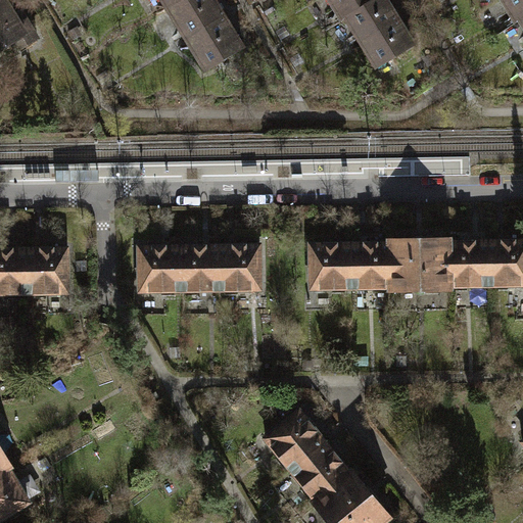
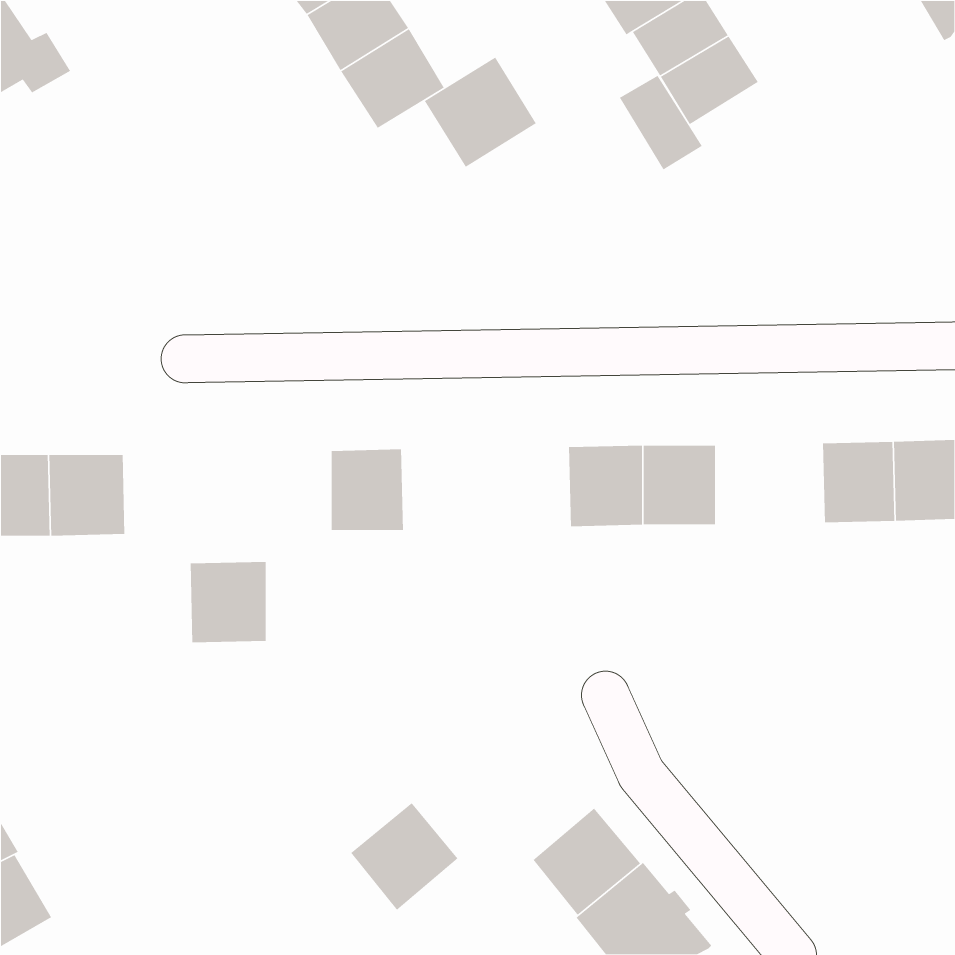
building: none -> [424,56,537,168]
building: none -> [619,75,703,171]
building: [390,237,450,289] -> none
building: [220,245,260,290] -> none
building: [139,246,181,291] -> [190,561,266,643]
building: [266,411,325,470] -> [350,802,459,911]

